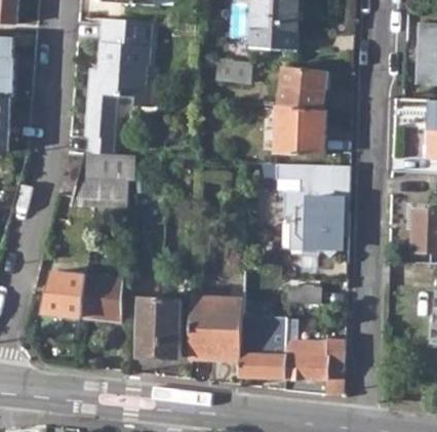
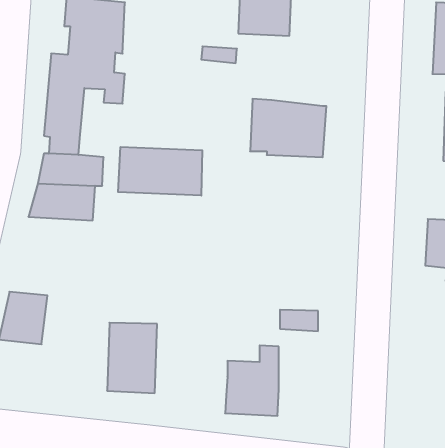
building: [279,66,327,111] -> none
building: none -> [118,147,202,196]
building: [275,164,349,258] -> none
building: [81,274,120,320] -> none
building: [190,296,242,360] -> none
building: [284,339,344,395] -> none

